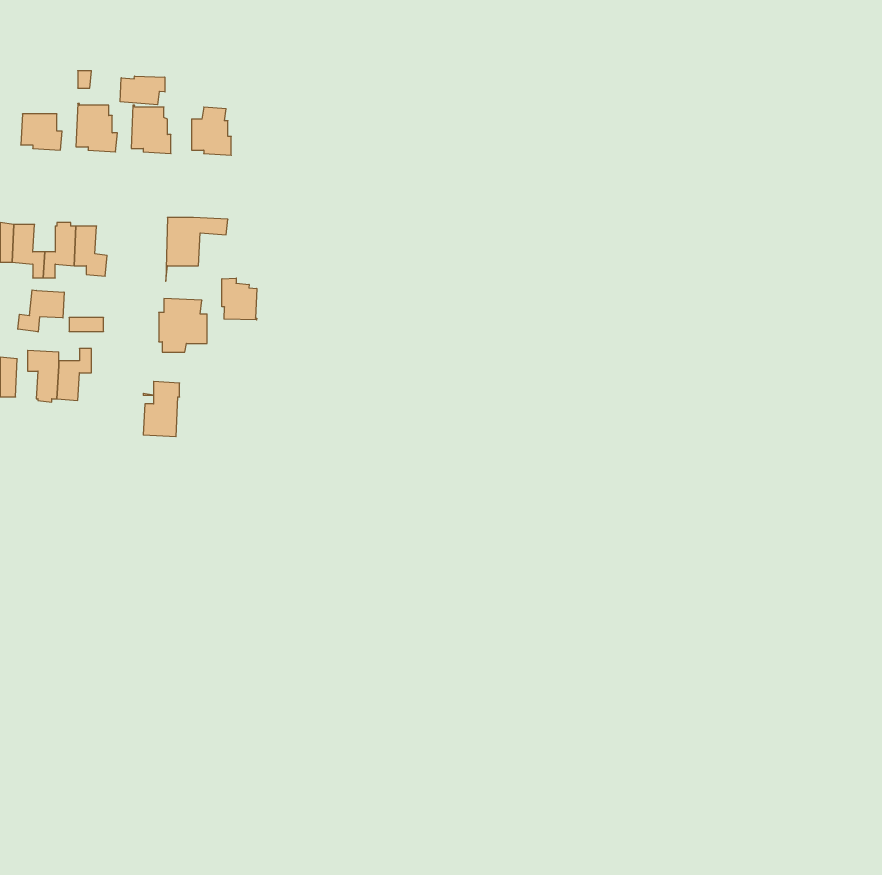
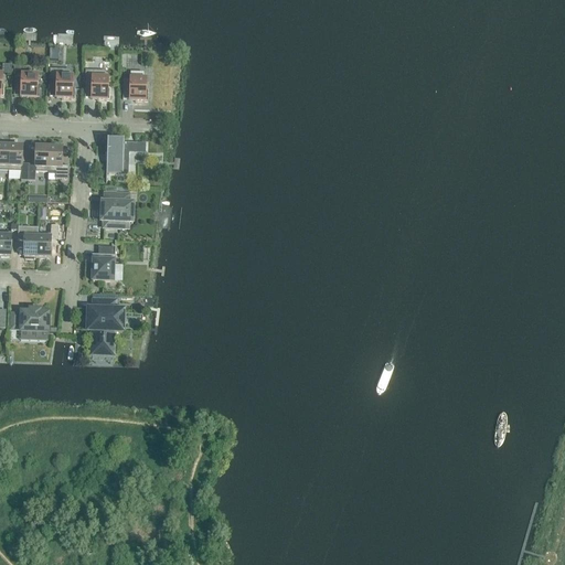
building: [120,76,165,105] -> none
building: [222,278,257,320] -> none
building: [18,290,64,332] -> none
building: none -> [87,298,124,352]
building: none -> [11,310,49,330]

